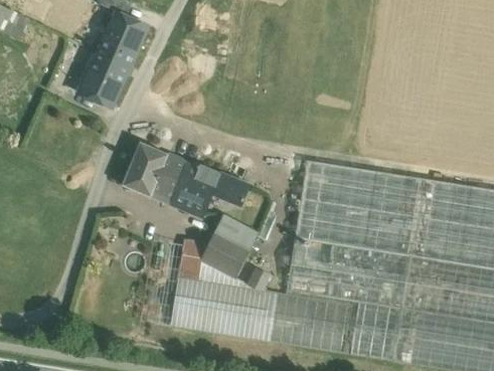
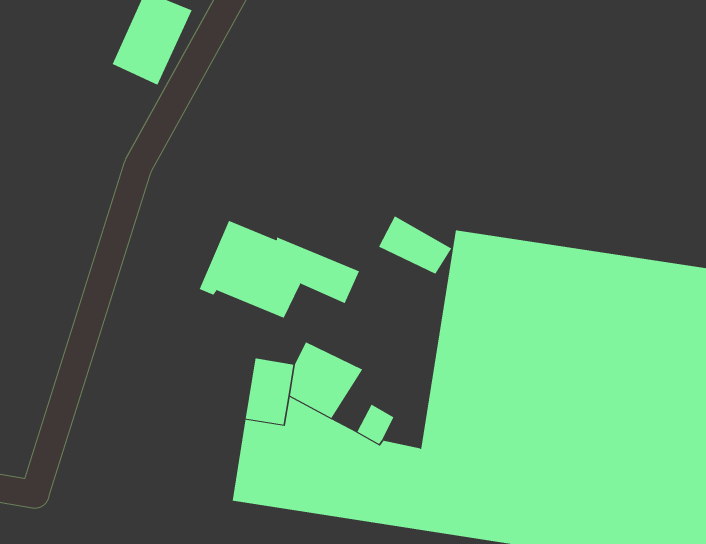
building: [79,58,125,106] -> none
building: [123,142,168,197] -> none
building: [215,210,261,246] -> [378,216,452,275]

